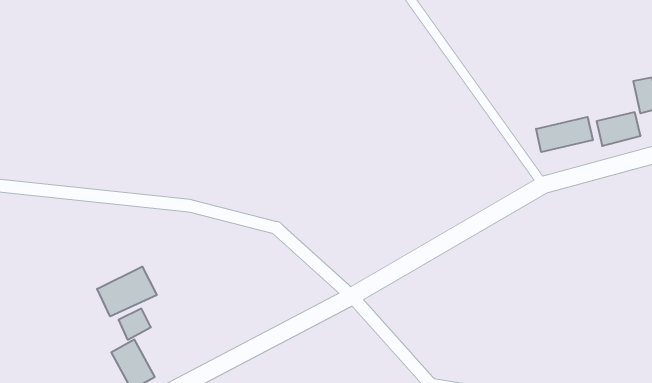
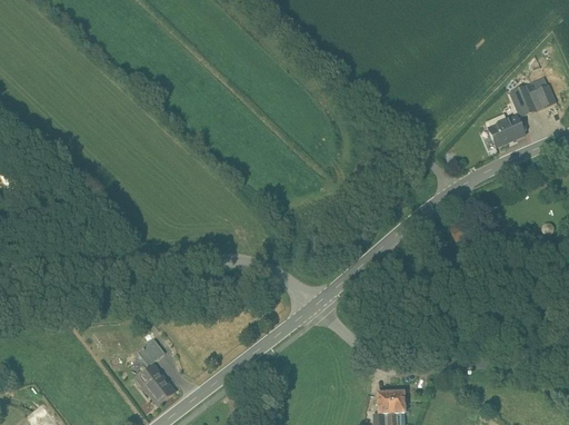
building: [536,117,593,152] -> none
building: [97,267,157,316] -> none

